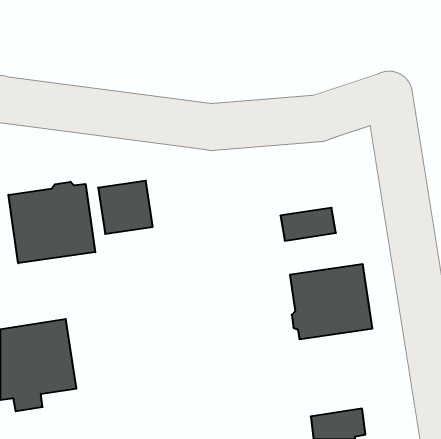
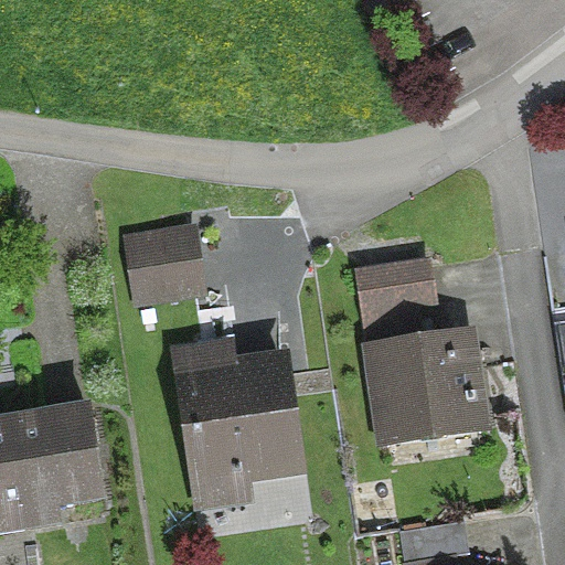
building: [8,182,95,263] -> none
building: none -> [181,359,296,479]

